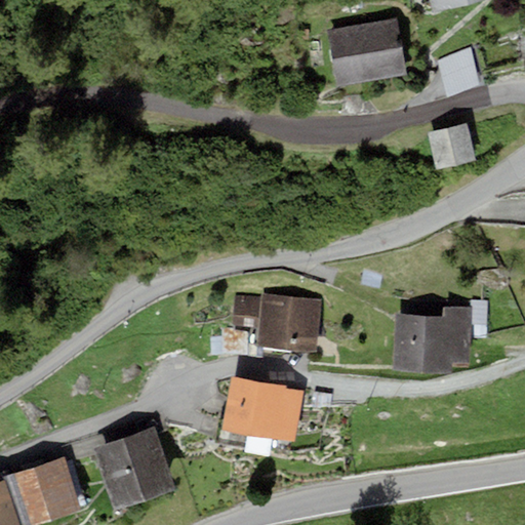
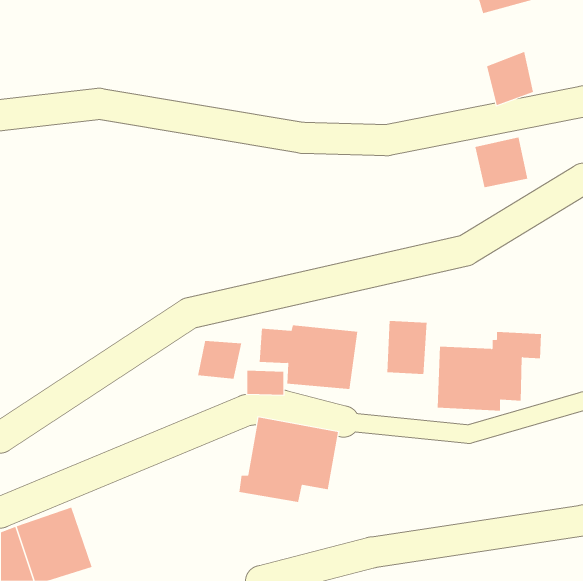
building: [327,17,406,85] -> none
building: none -> [387,320,427,375]
building: none -> [198,340,242,380]
building: [92,412,176,512] -> none

